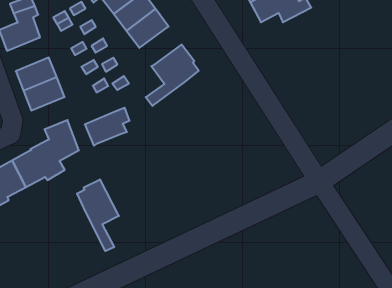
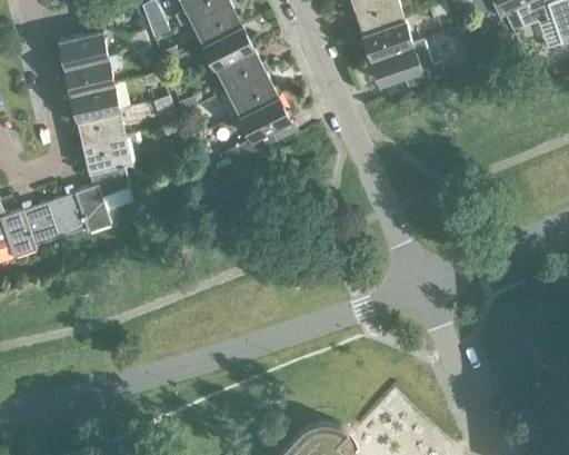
building: none -> [226,71,278,116]
building: none -> [63,56,118,95]
building: [85,108,130,146] -> [81,133,137,174]
building: [77,179,119,251] -> none

